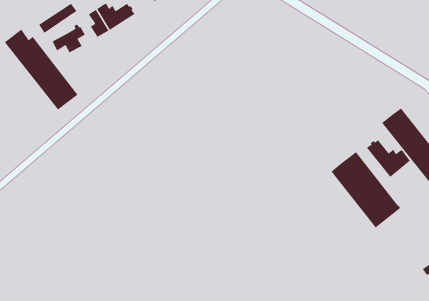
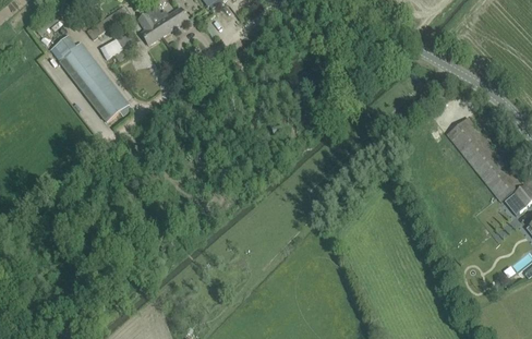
building: [366,139,411,178] -> none
building: [331,151,401,228] -> none

